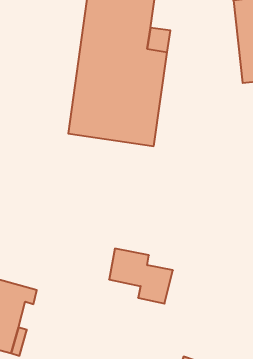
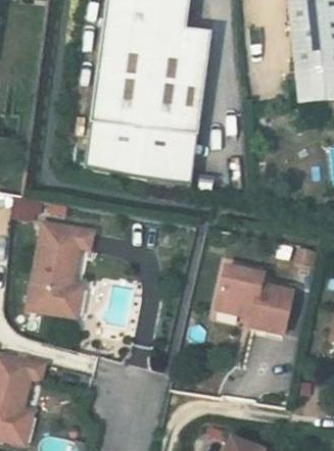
building: none -> [27,221,94,313]
building: [109,249,173,304] -> [218,260,296,328]

